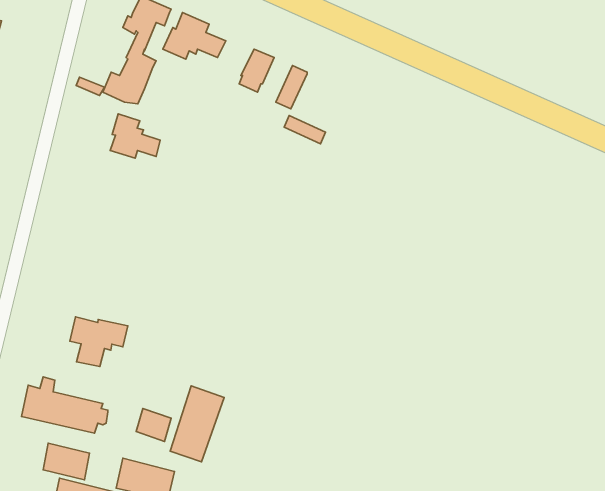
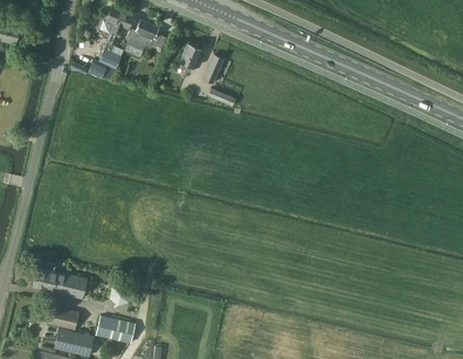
building: [110,114,160,158] -> none
building: [70,317,128,366] -> none
building: [170,386,224,462] -> none

